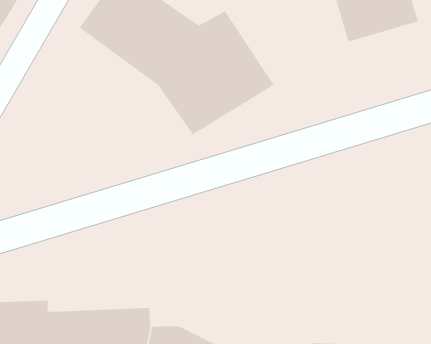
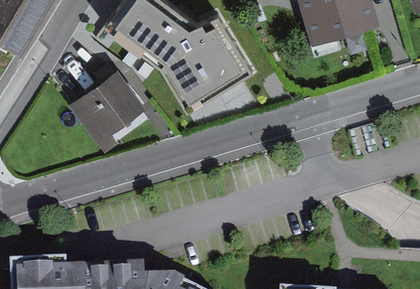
building: none -> [76,61,144,130]

